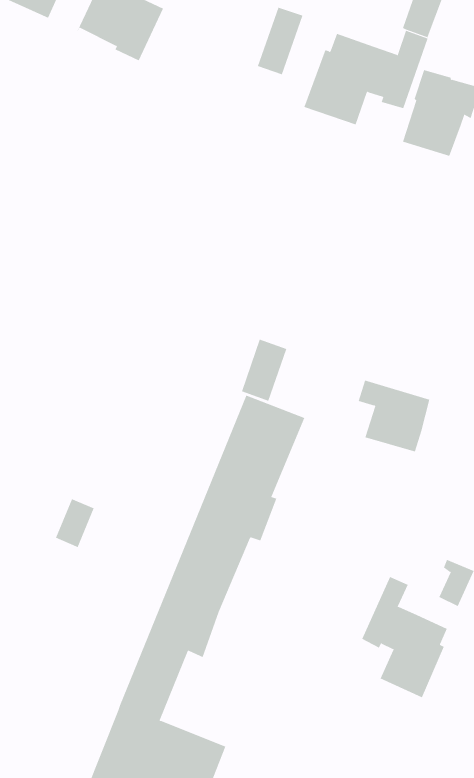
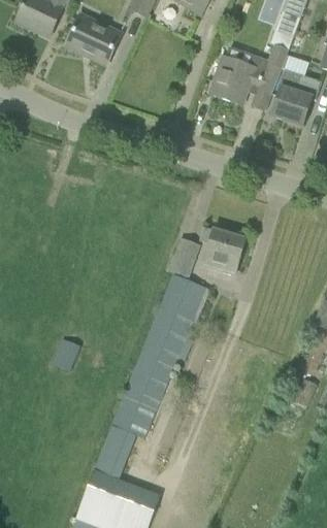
building: [257,7,303,75] -> none
building: [358,380,430,452] -> [199,227,244,272]
building: [361,576,448,698] -> none

